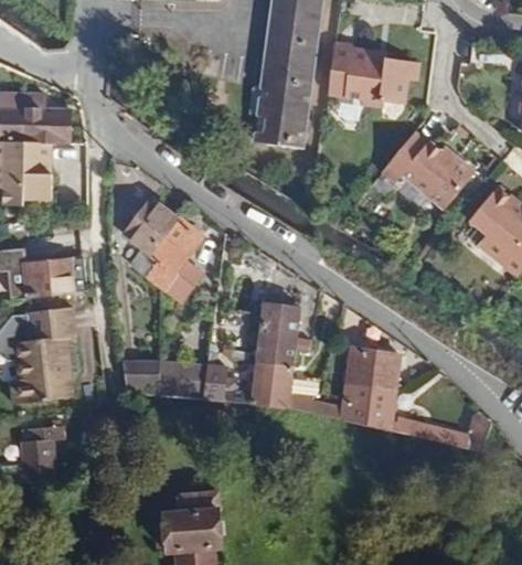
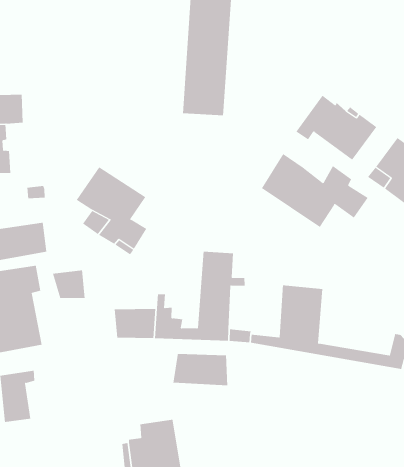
building: [327,47,411,107] -> none
building: none -> [261,153,369,228]
building: [125,362,161,395] -> [52,270,86,299]
building: none -> [173,353,228,386]

